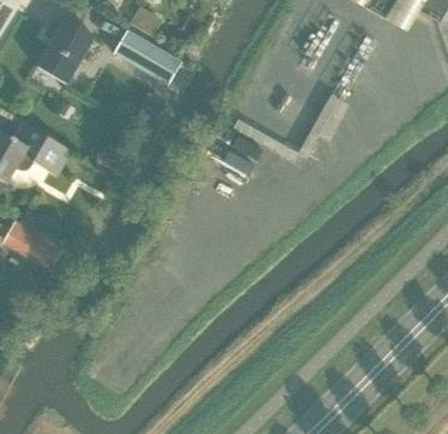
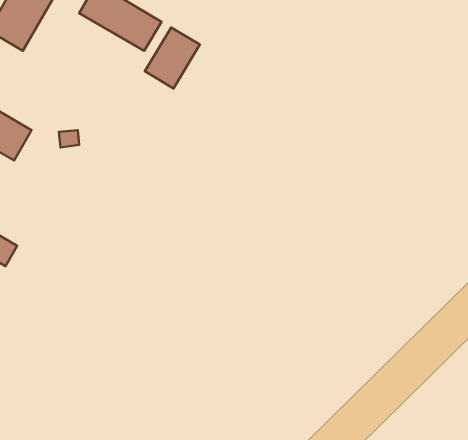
building: none -> [145,28,200,88]

